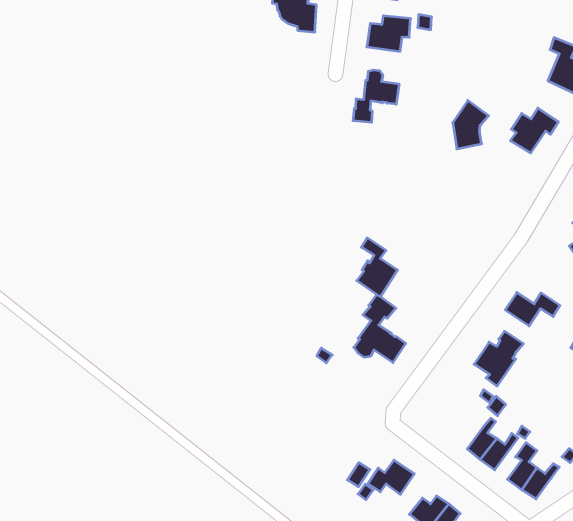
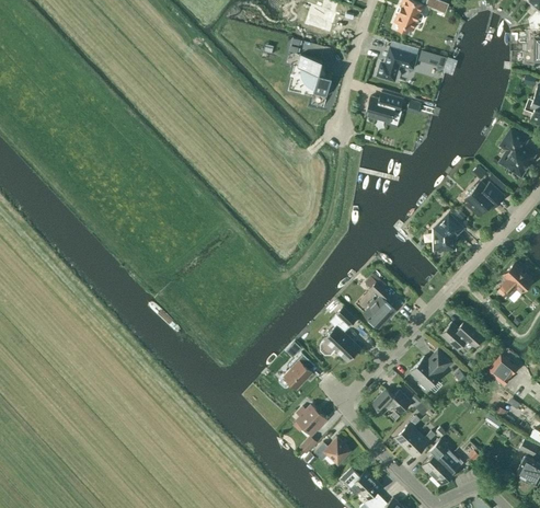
building: [353,70,399,122] -> none
building: [453,100,489,149] -> [434,213,462,250]
building: [357,238,398,297] -> [363,281,395,328]
building: none -> [279,353,314,389]
building: none -> [372,389,411,413]
building: none -> [297,405,325,434]

